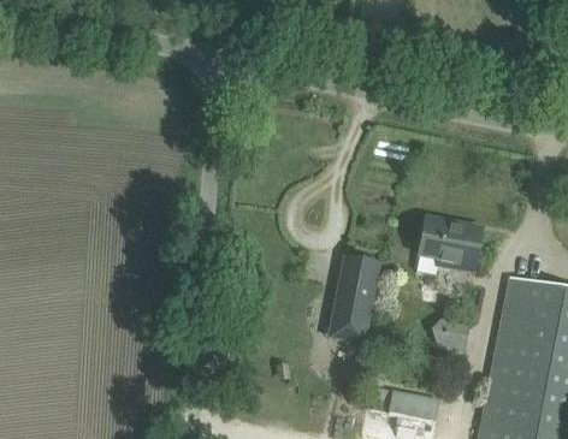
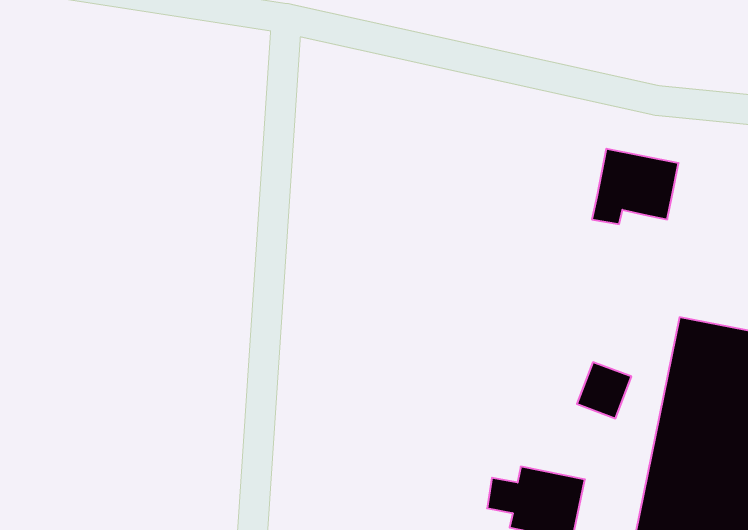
building: [415,215,480,272] -> [592,149,679,224]
building: [333,254,378,334] -> none

